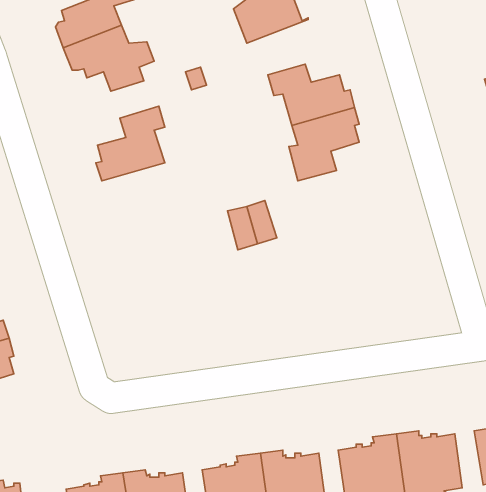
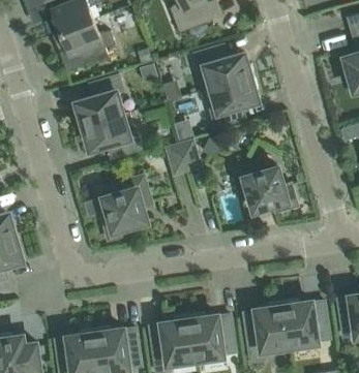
building: none -> [80,115,140,157]
building: none -> [233,165,297,213]
building: none -> [101,176,151,240]

